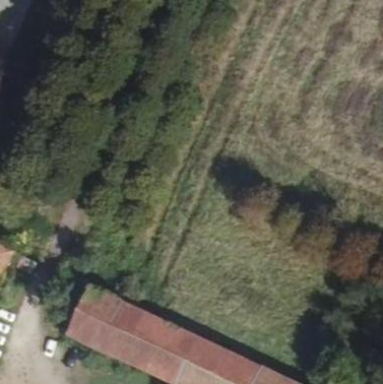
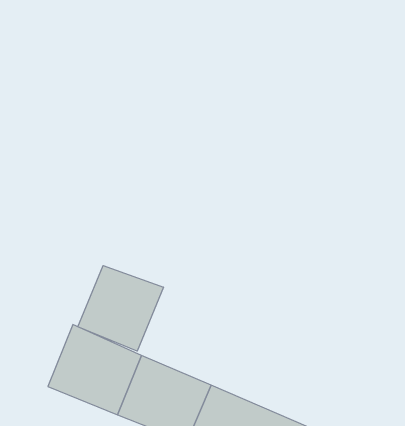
building: none -> [78,266,163,351]

